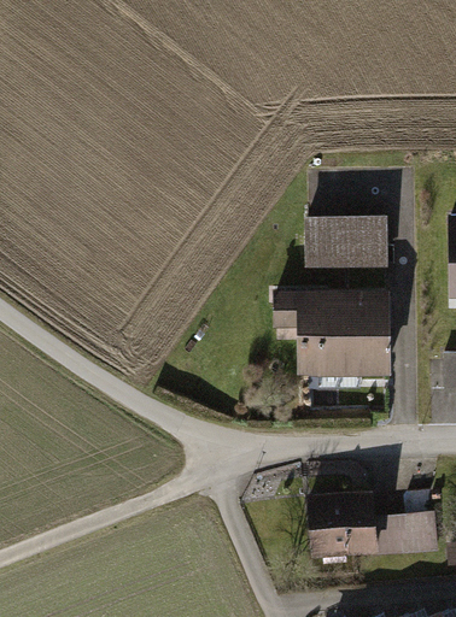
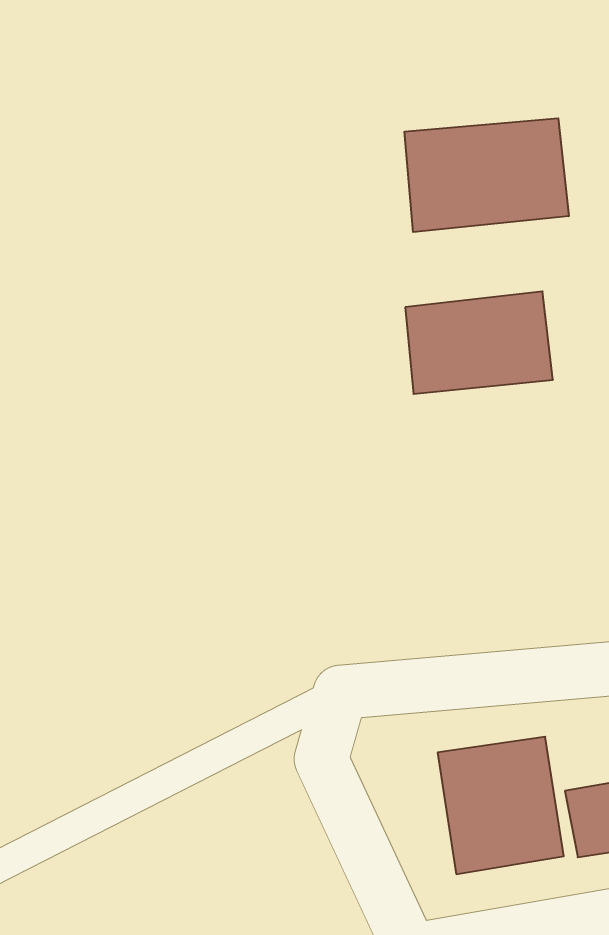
building: none -> [405,118,569,232]
building: [291,302,388,377] -> none

